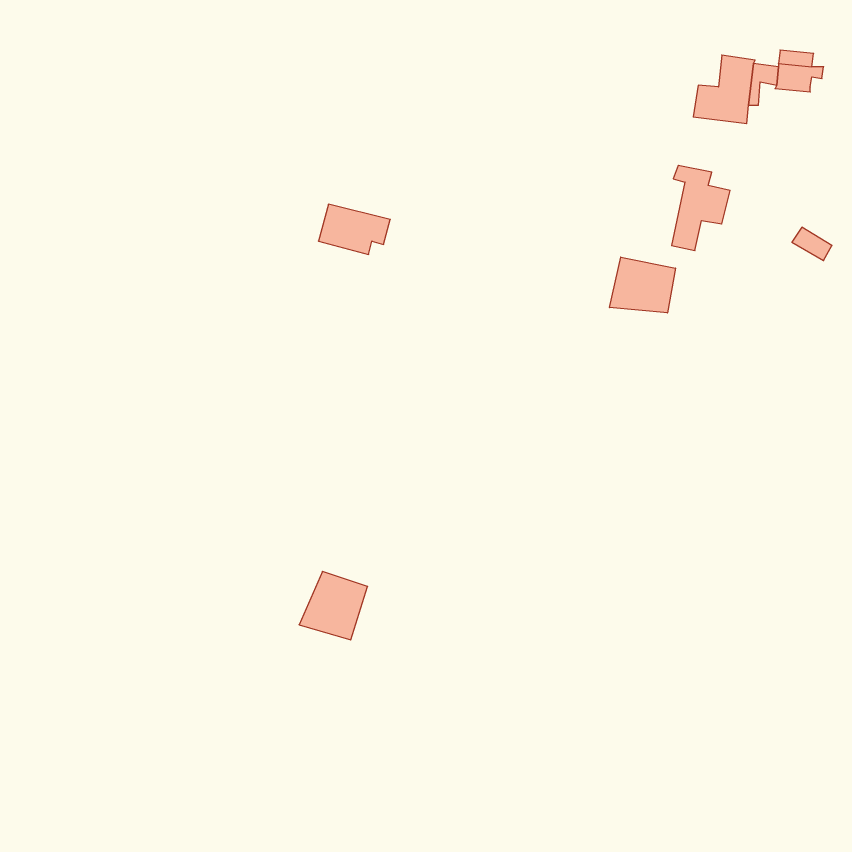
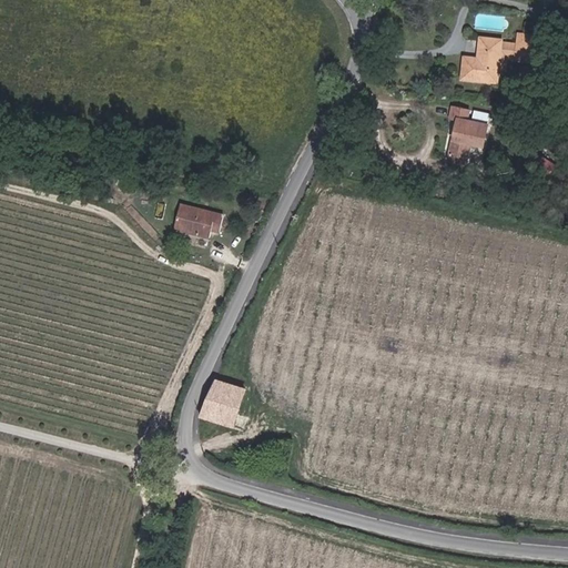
building: [318,204,390,254] -> [174,204,222,237]
building: [610,257,675,313] -> none

